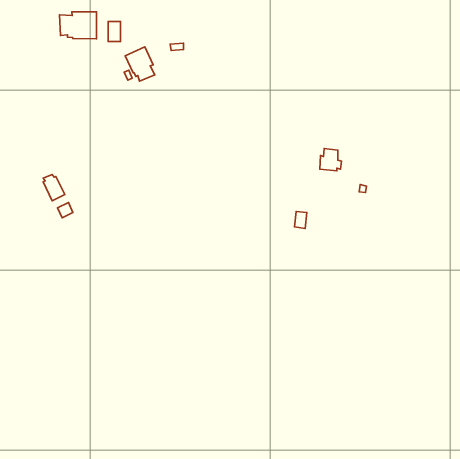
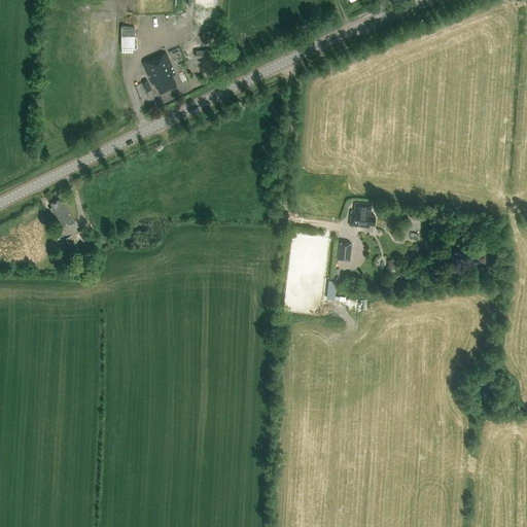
building: [60,12,97,39] -> none
building: [320,148,341,171] -> [350,203,375,229]

